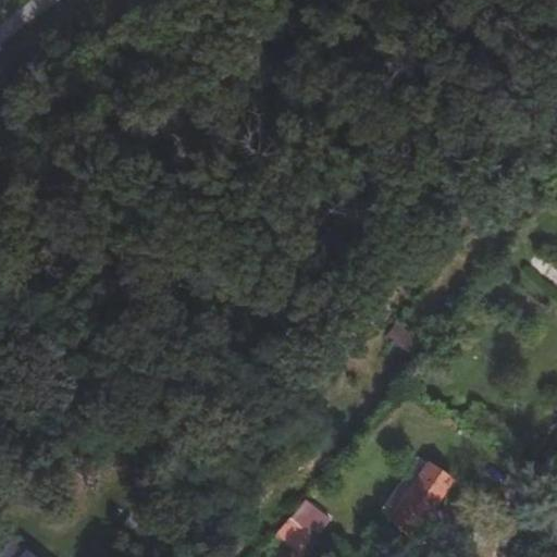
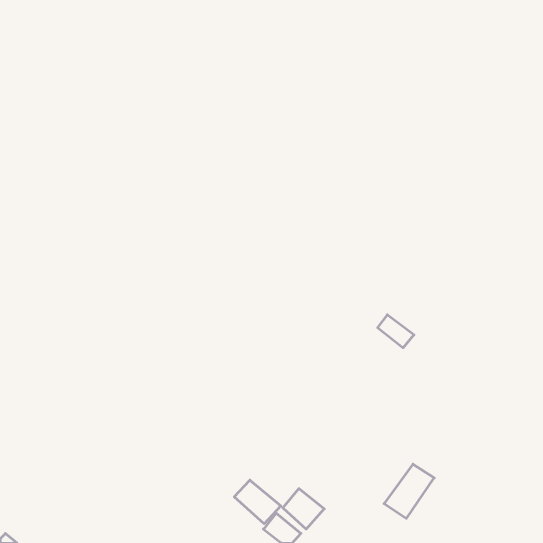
building: none -> [234,480,281,524]

